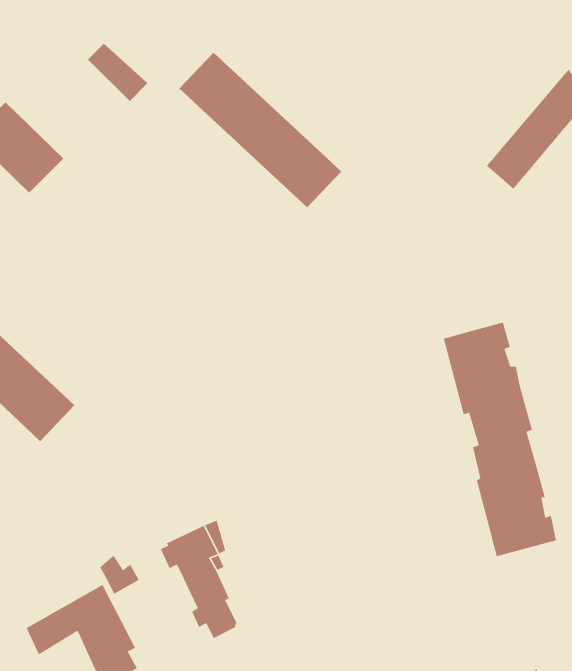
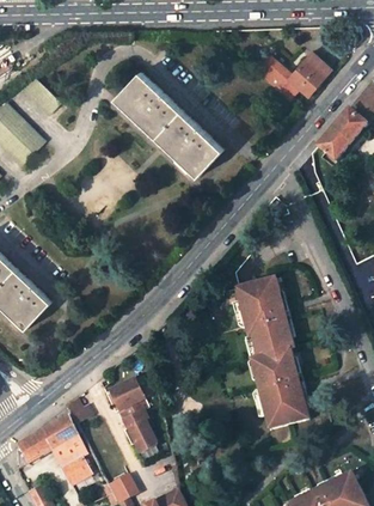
building: none -> [255,53,330,100]
building: [87,43,148,102] -> [20,77,60,115]
building: [443,322,557,557] -> [234,276,308,429]

